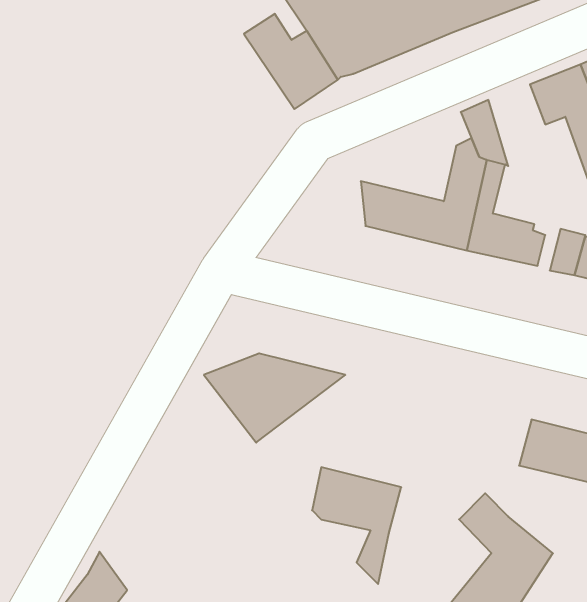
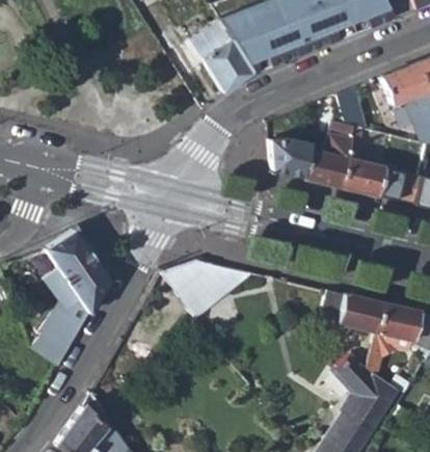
building: none -> [39,230,110,365]
building: [312,467,401,584] -> [324,288,384,367]

